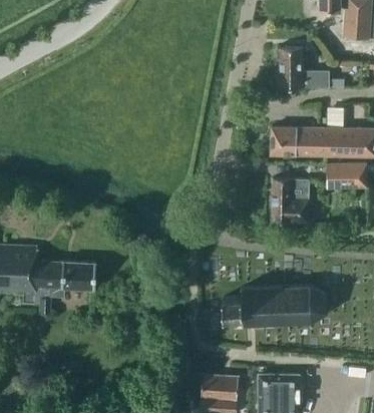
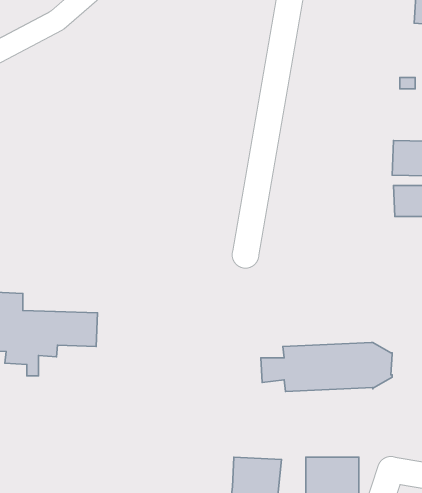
building: [278,48,330,89] -> none
building: [271,128,327,156] -> none
building: [272,179,310,224] -> none

